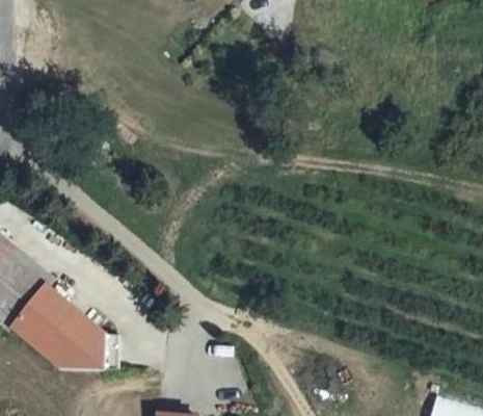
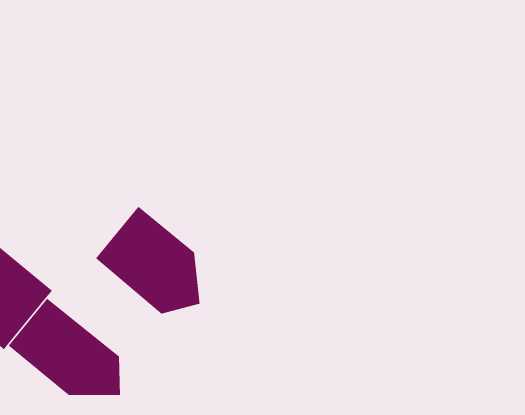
building: none -> [95,206,200,314]

